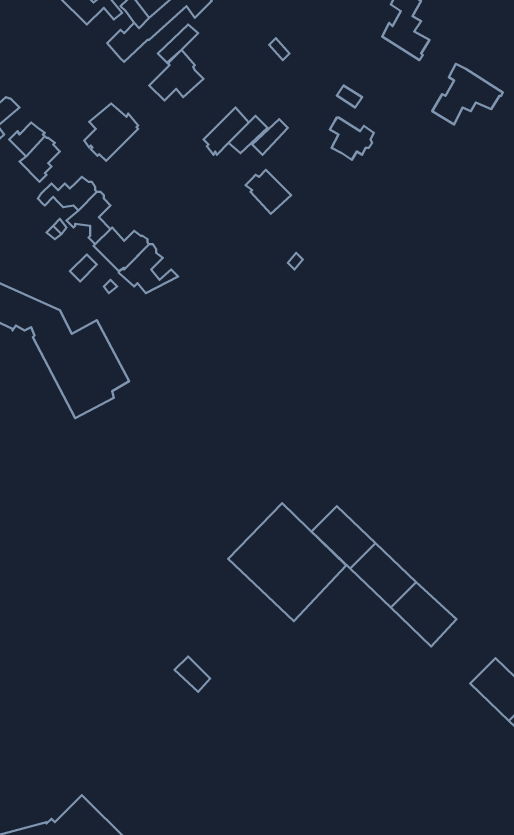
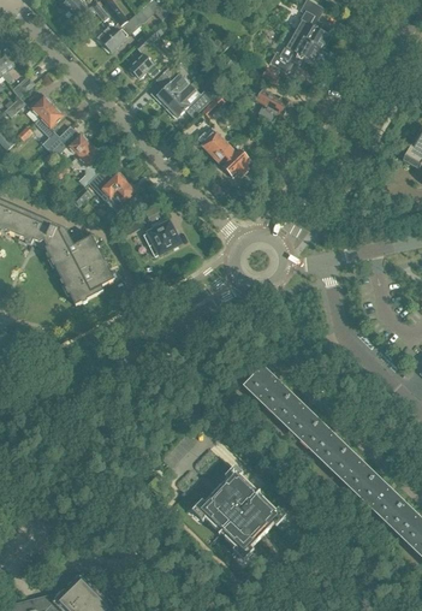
building: [432,64,503,125] -> [271,29,321,72]
building: [84,103,138,161] -> [151,65,190,106]
building: none -> [215,146,251,177]
building: none -> [143,209,180,256]
building: [228,503,346,621] -> [197,469,281,553]
building: none -> [329,447,375,493]

